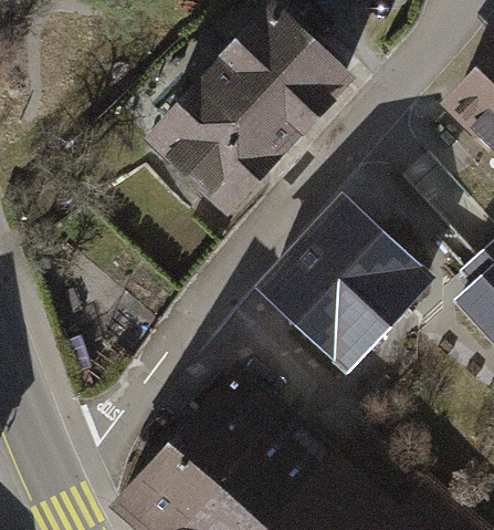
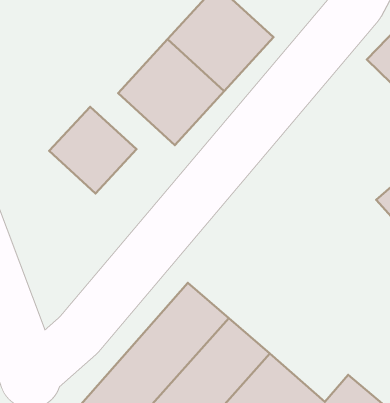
building: none -> [49,107,136,193]
building: [266,214,420,367] -> none

